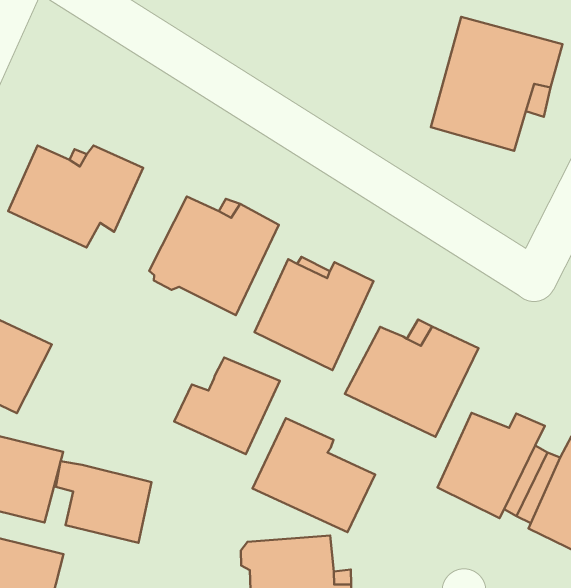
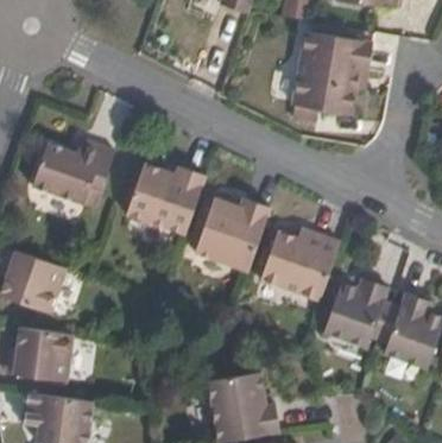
building: [174,357,280,454] -> none
building: [252,418,375,532] -> none
building: [56,461,152,543] -> none

